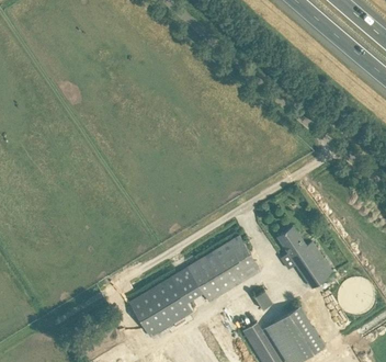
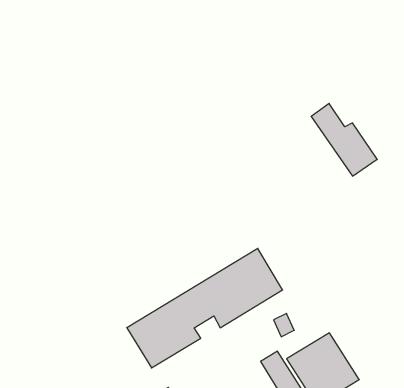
building: [277,225,333,286] -> [311,103,377,176]

